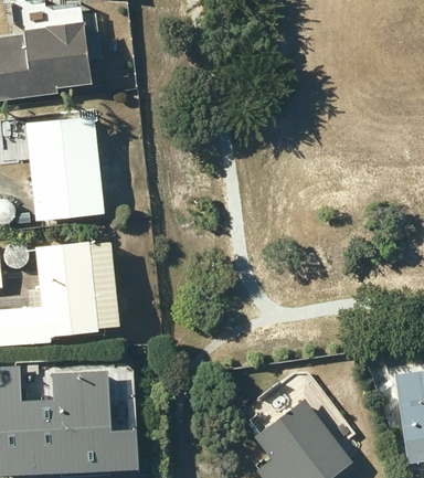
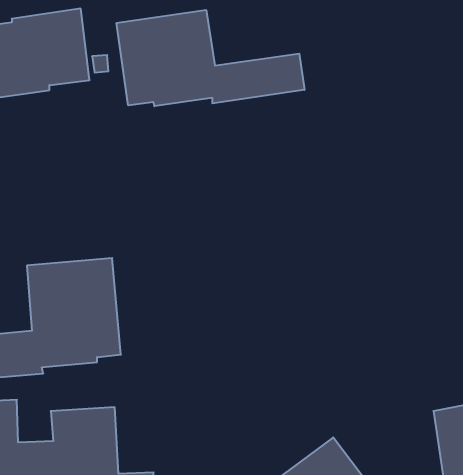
building: none -> [117,10,304,106]
building: [25,117,103,220] -> none

